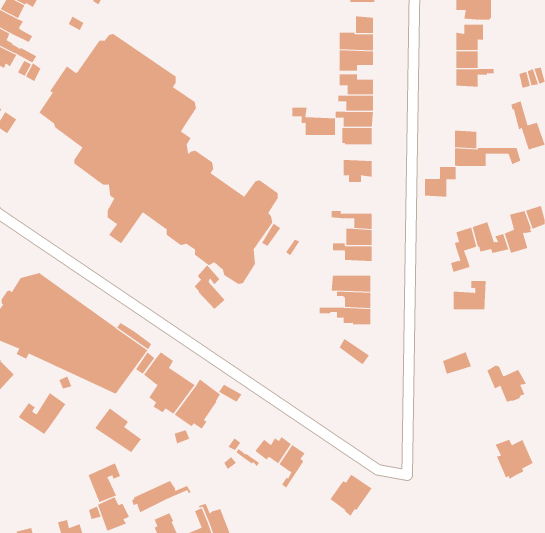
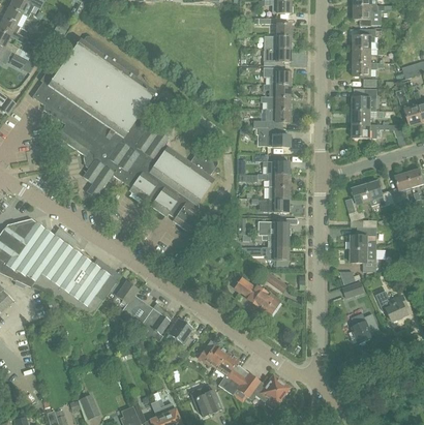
building: [292,107,336,136] -> [254,152,289,174]
building: [424,166,457,197] -> [352,87,376,111]
building: [194,265,225,310] -> none
building: none -> [351,248,376,270]
building: none -> [235,277,279,313]
building: [18,392,66,435] -> none
building: none -> [164,317,191,347]
building: [94,407,142,453] -> none
building: [495,439,534,479] -> [350,312,380,343]
building: none -> [222,364,263,400]
building: [88,463,121,503] -> none
building: [131,480,192,513] -> none
building: none -> [188,384,221,416]

